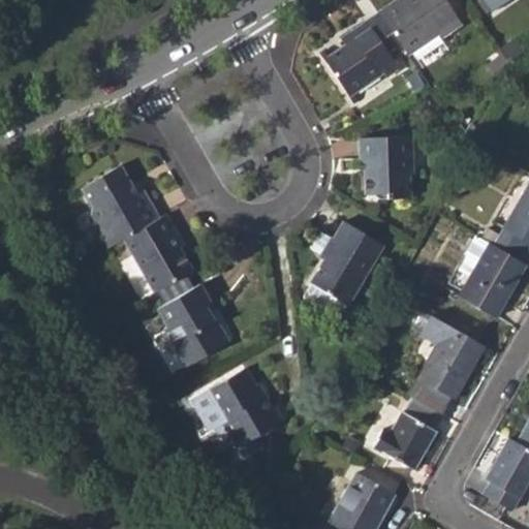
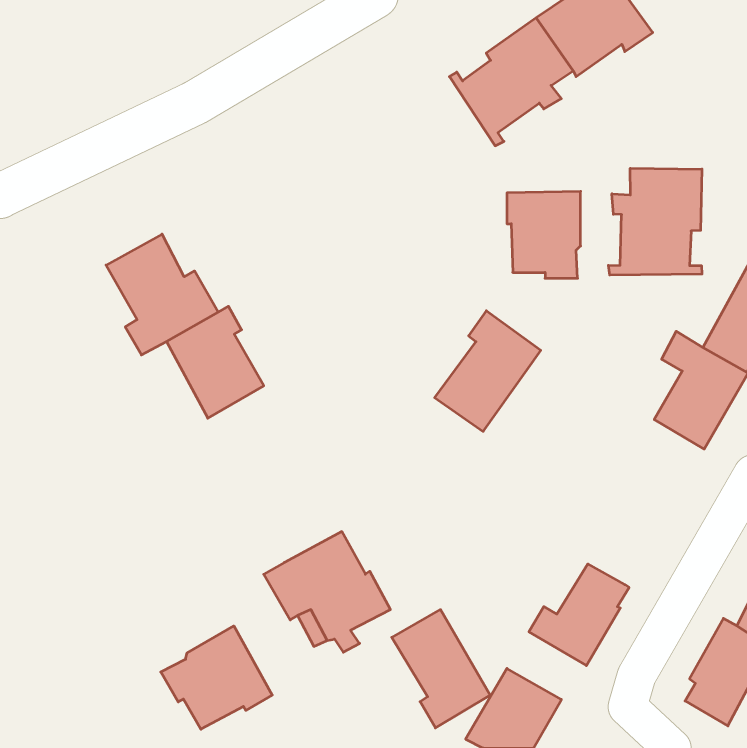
building: none -> [608,168,702,275]
building: [157,286,227,369] -> none
building: [412,313,488,410] -> none
building: none -> [392,610,490,728]
building: none -> [161,626,272,729]

